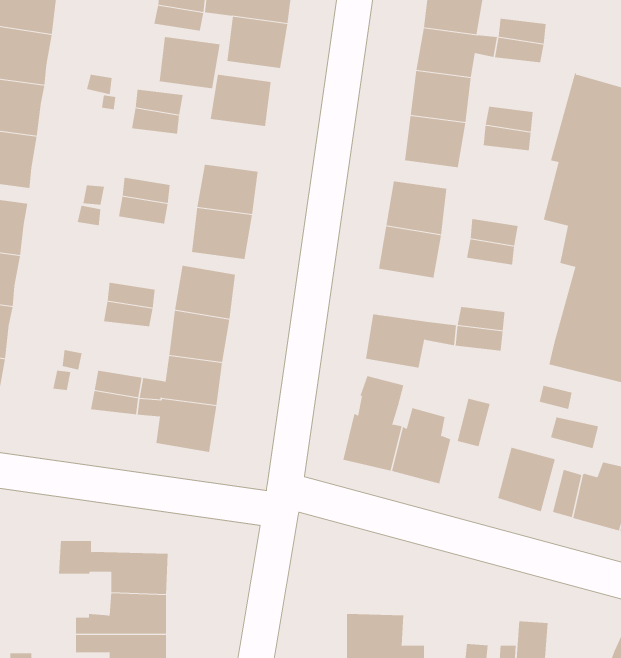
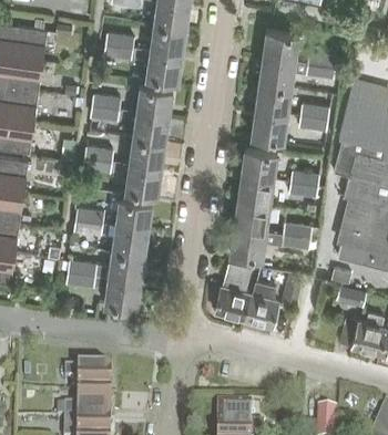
building: [159,37,220,89] -> [133,111,170,142]
building: none -> [233,199,269,230]
building: [497,447,556,512] -> none

